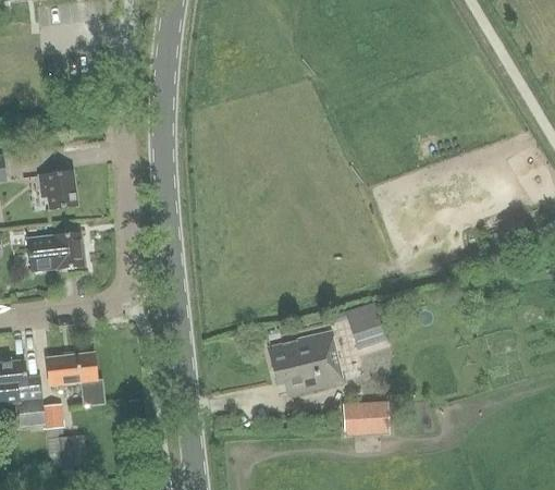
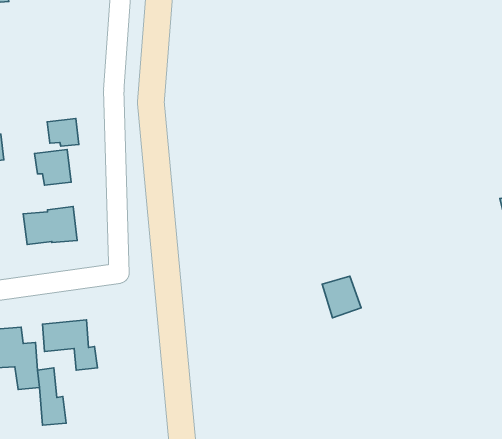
building: none -> [47,118,79,146]
building: [267,329,343,393] -> none
building: [342,400,387,433] -> none

